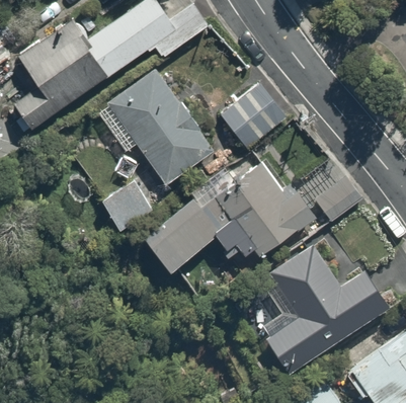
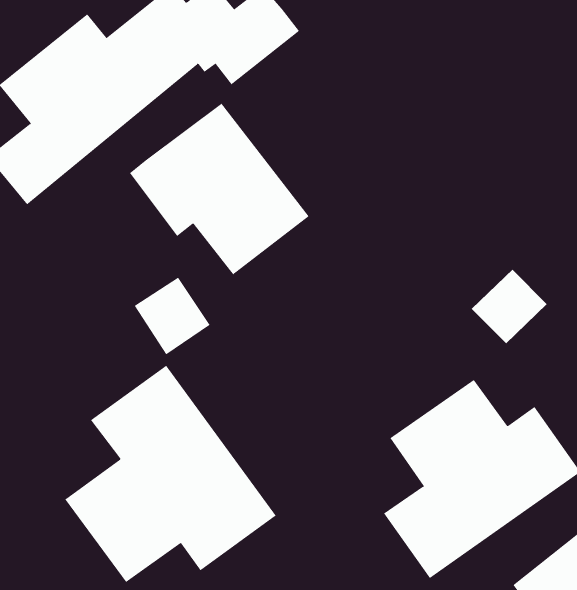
building: [218,84,289,154] -> none
building: [146,159,318,276] -> none
building: none -> [65,365,276,583]

